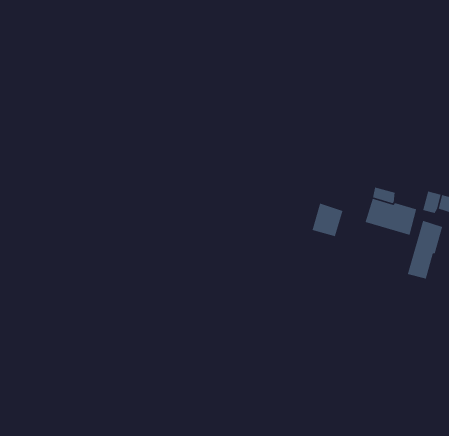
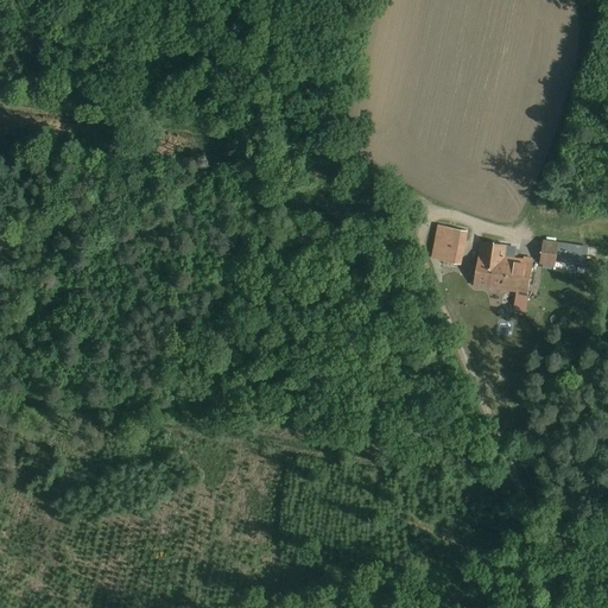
building: [311,203,343,237] -> [431,226,466,264]
building: [407,220,443,279] -> none

